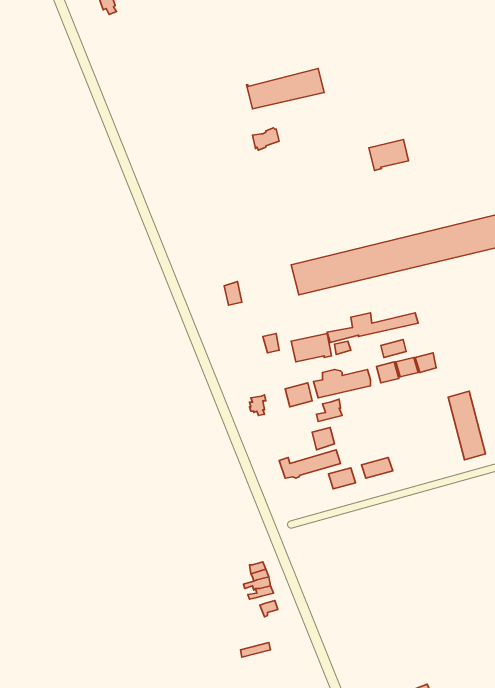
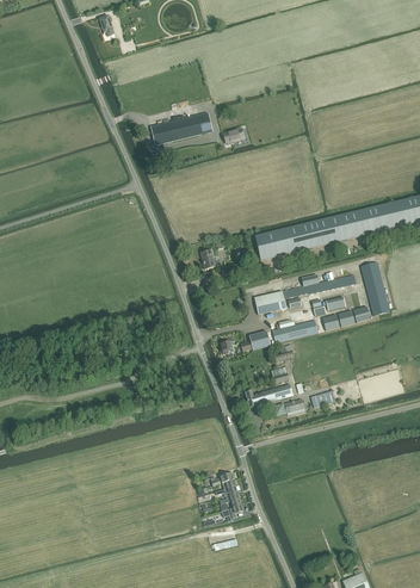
building: [246,69,324,109] -> [149,111,211,143]
building: [369,139,409,170] -> none
building: [448,391,485,460] -> [359,260,389,315]

